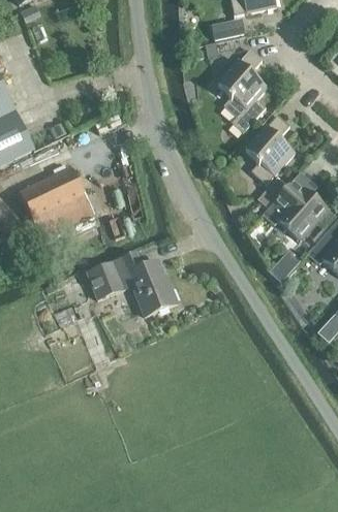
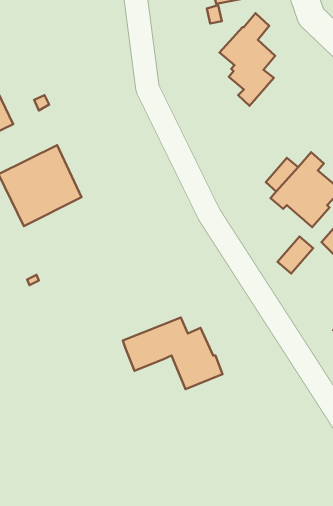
building: [245,115,295,183] -> none
building: [88,251,177,315] -> [123,317,223,389]

